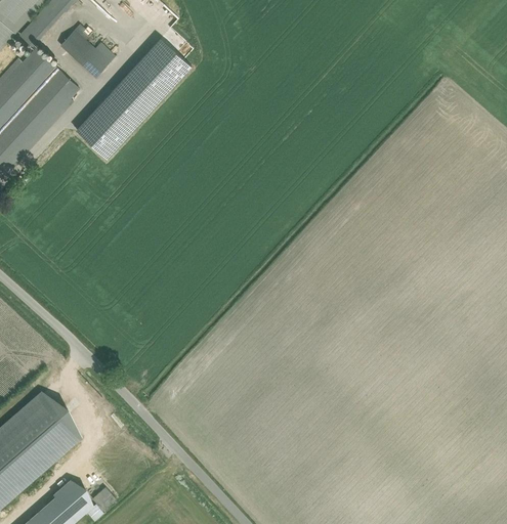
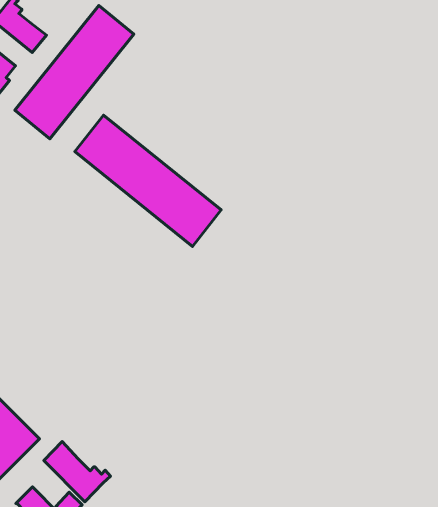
building: none -> [75,115,221,246]
building: none -> [44,442,111,502]

